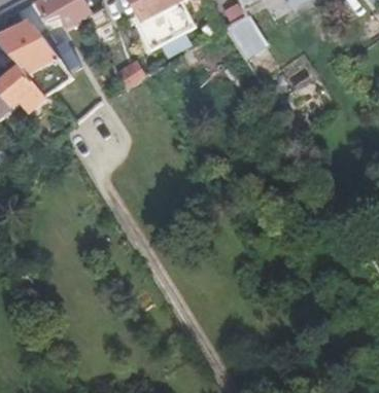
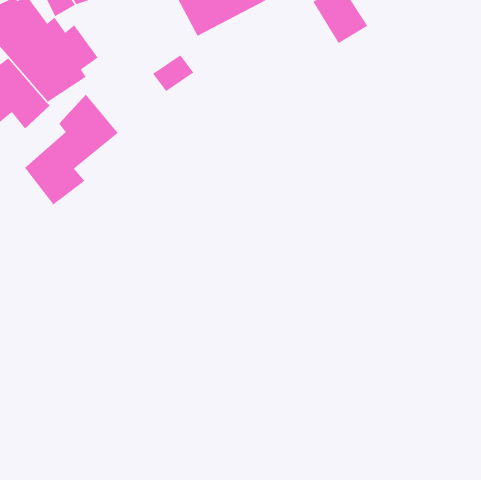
building: none -> [24,94,118,205]

